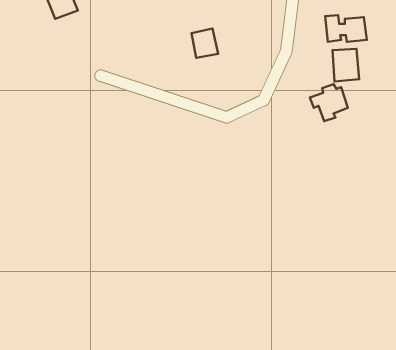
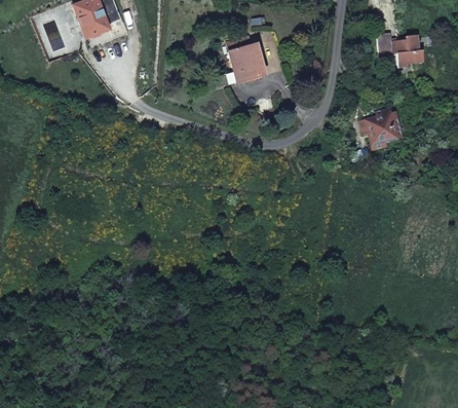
building: [332,49,359,82] -> none

